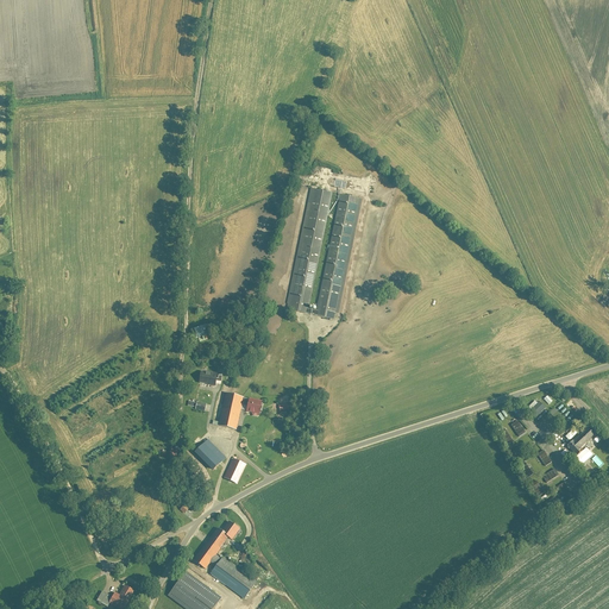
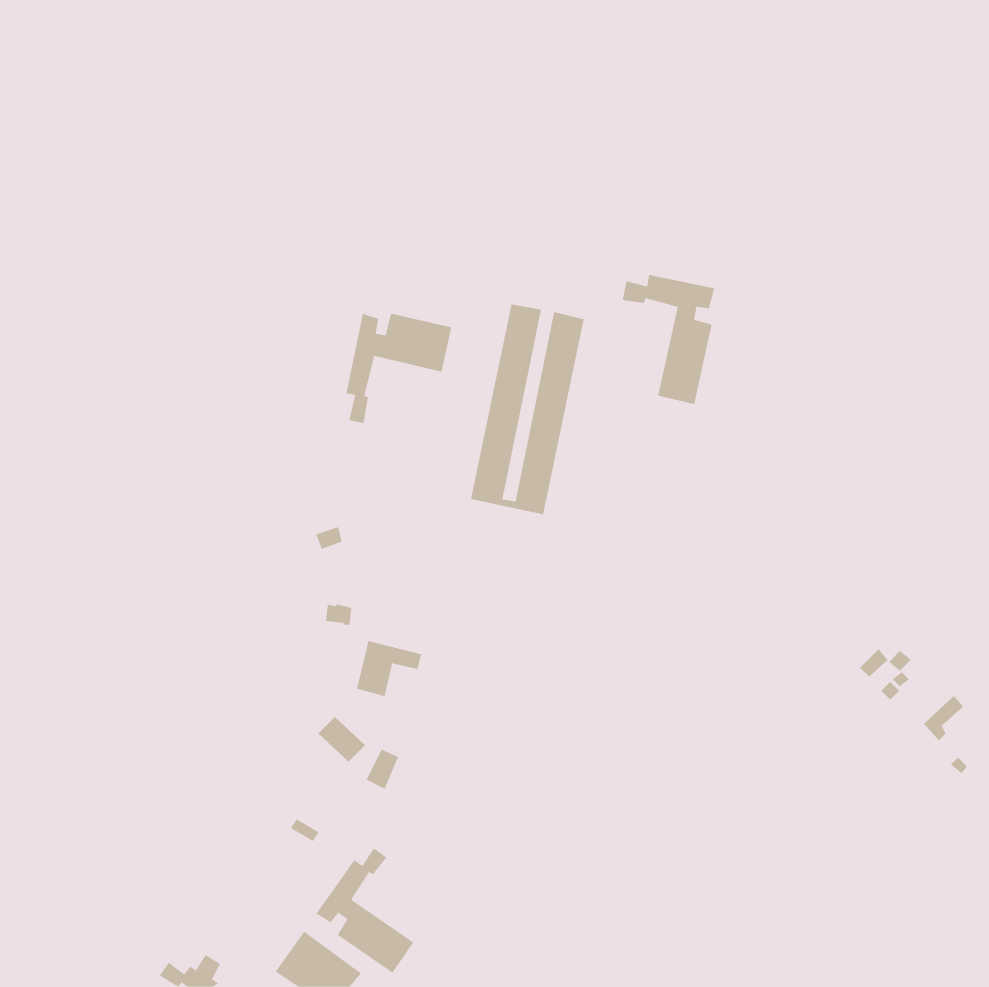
building: none -> [622,274,715,405]
building: none -> [346,313,452,424]

